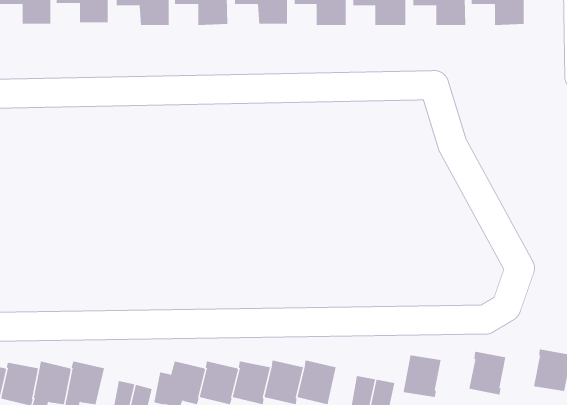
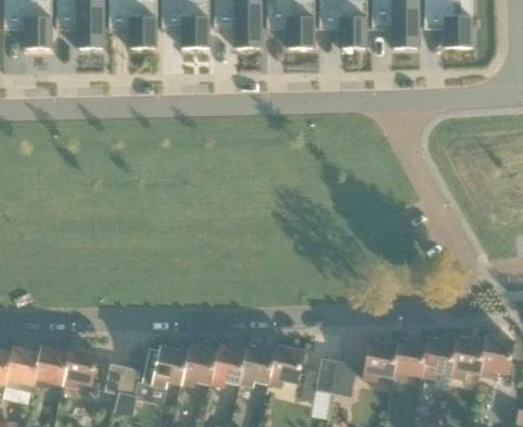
building: none -> [450,337,485,375]
building: none -> [393,340,428,378]

